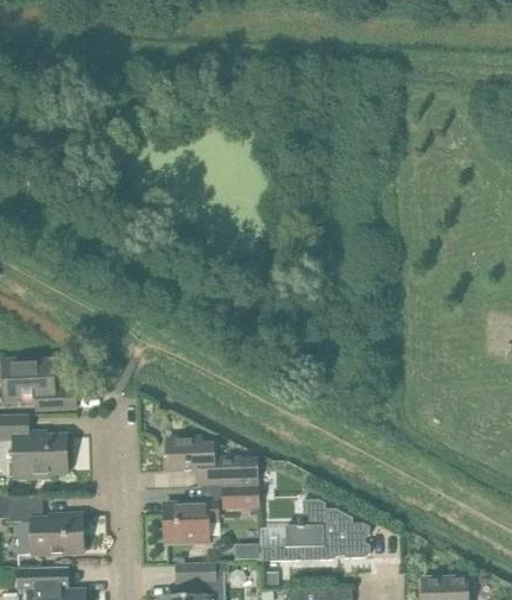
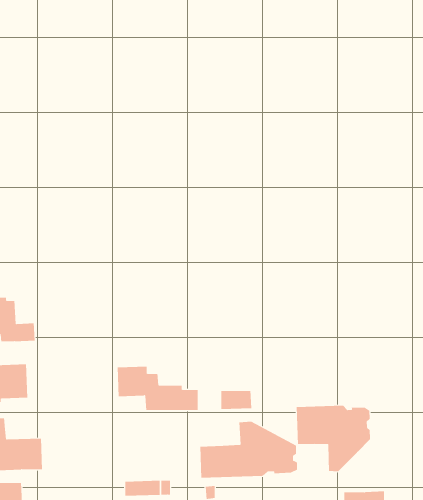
building: none -> [296,405,371,472]
building: [223,487,259,509] -> [220,391,252,410]
building: [163,503,217,544] -> none

